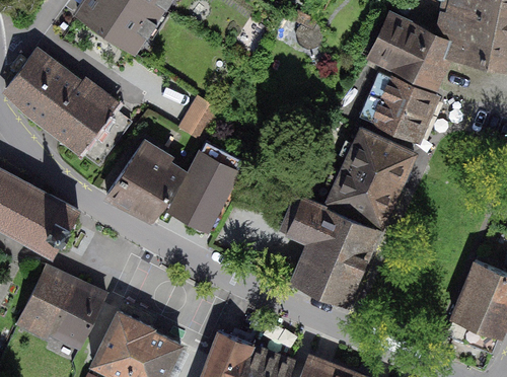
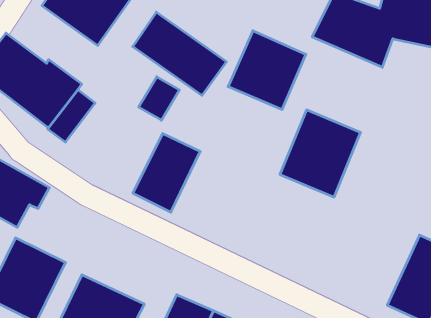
building: none -> [133,12,226,95]
building: [358,69,441,153] -> [228,31,306,109]
building: [111,142,190,221] -> none
building: [284,200,382,316] -> none

